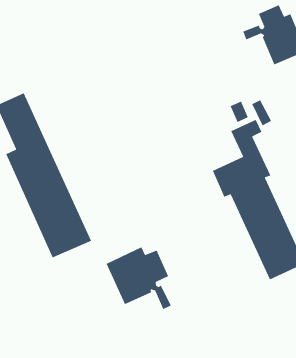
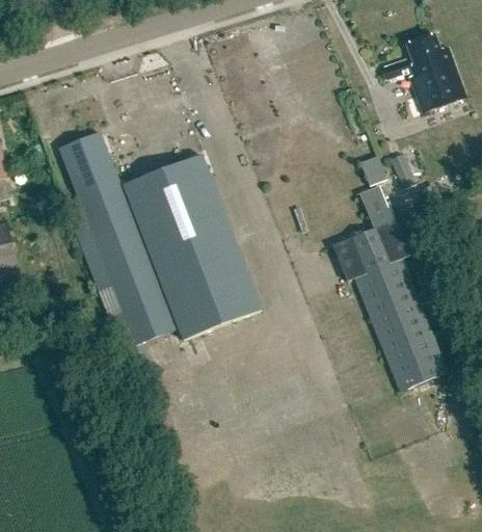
building: none -> [120,156,261,339]
building: [106,246,172,310] -> none

